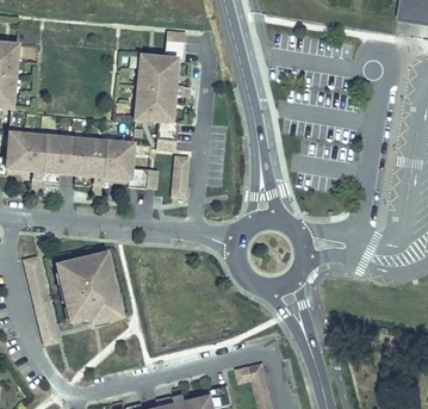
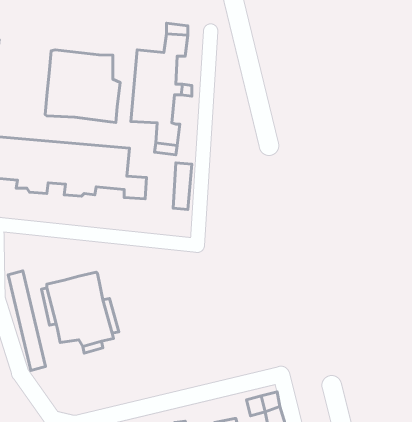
building: none -> [45,50,120,122]

